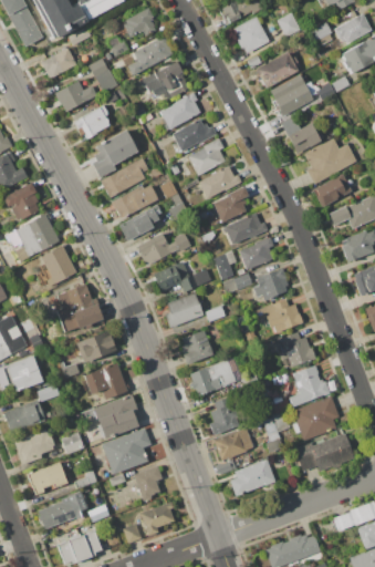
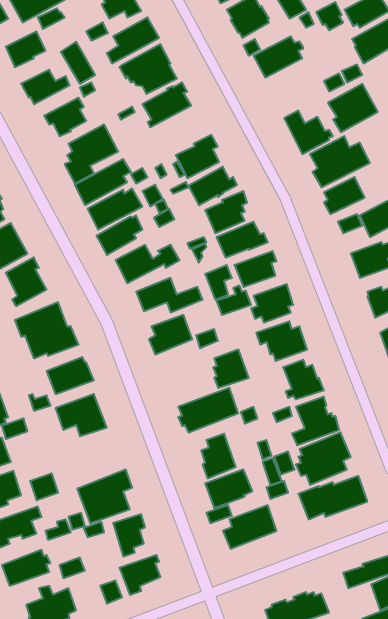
building: [270,74,313,116] -> [328,84,378,132]
building: [173,118,217,152] -> none
building: [181,330,212,363] -> [213,350,249,388]
building: [82,394,139,439] -> none

